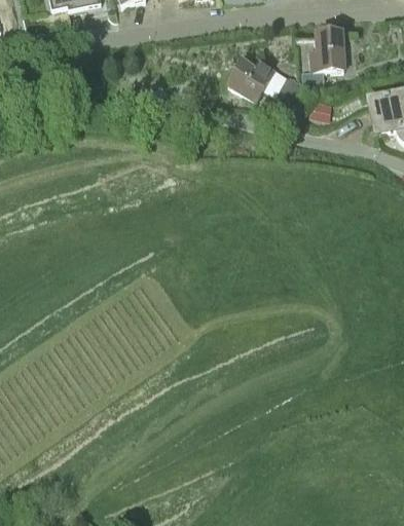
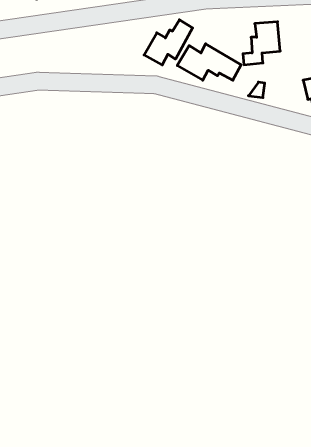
building: none -> [144,20,193,65]

